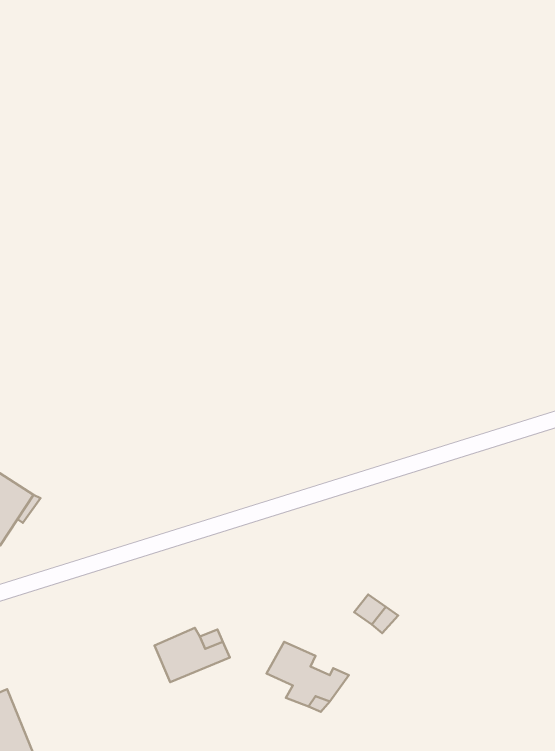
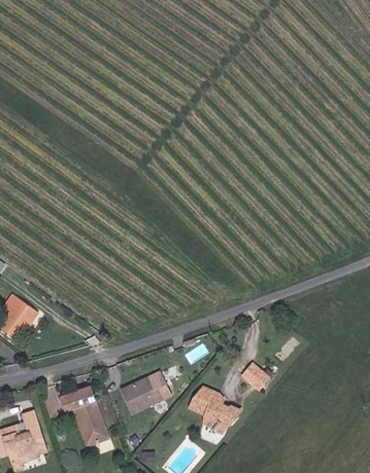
building: none -> [57,383,108,443]

